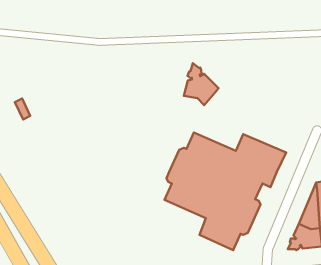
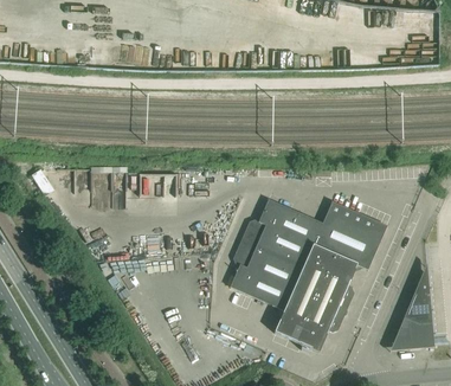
building: [184,63,219,105] -> none

